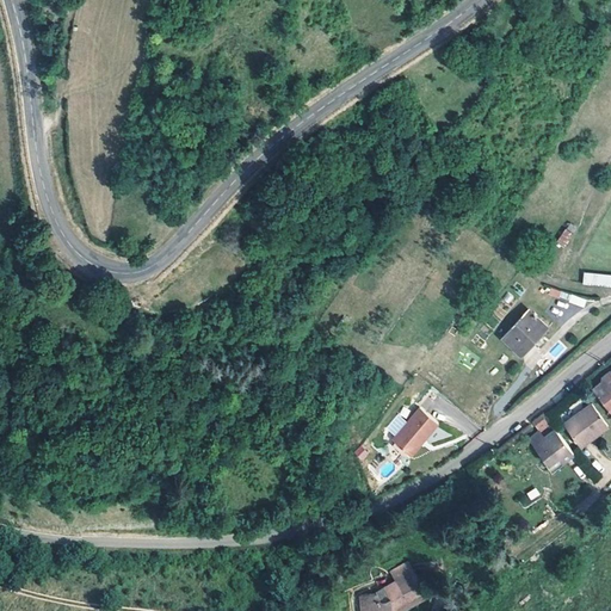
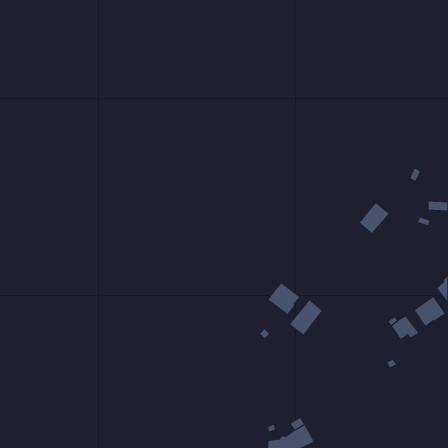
building: [505,311,547,354] -> [359,202,390,234]
building: none -> [267,282,300,315]

